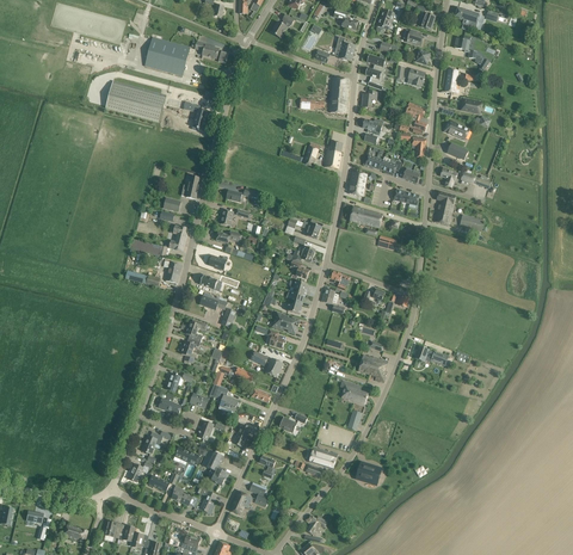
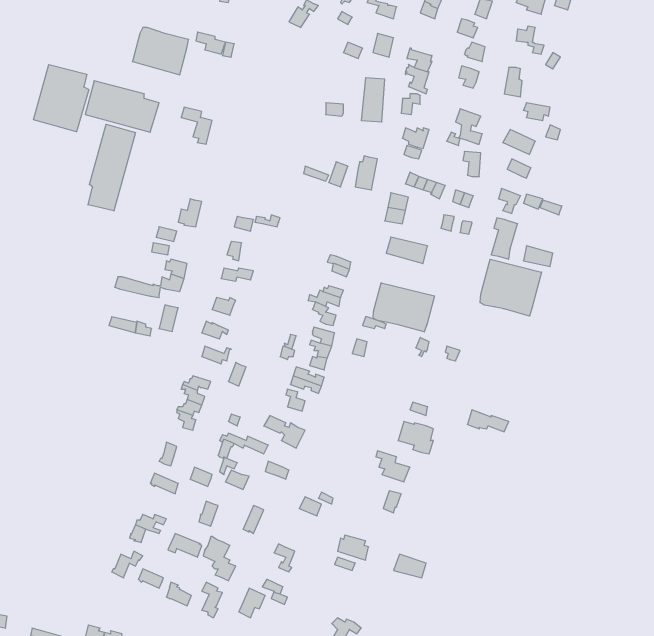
building: none -> [34,65,89,132]
building: none -> [88,124,135,211]
building: none -> [480,259,542,316]
building: none -> [373,283,435,332]

